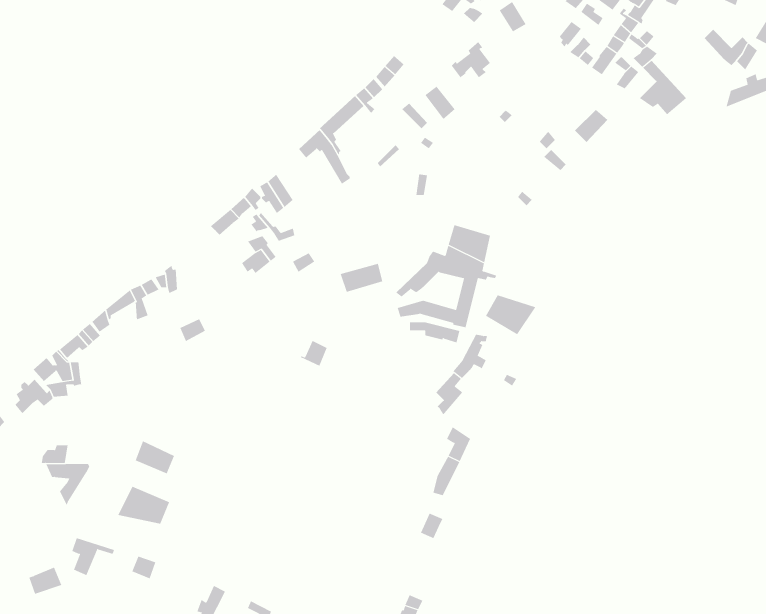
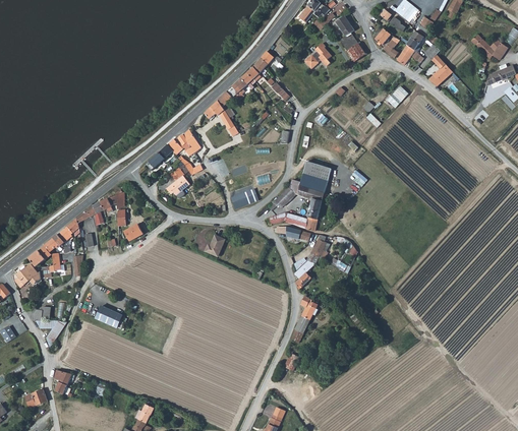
building: none -> [339,33,366,62]
building: [485,294,536,335] -> none
building: [117,486,170,524] -> none

